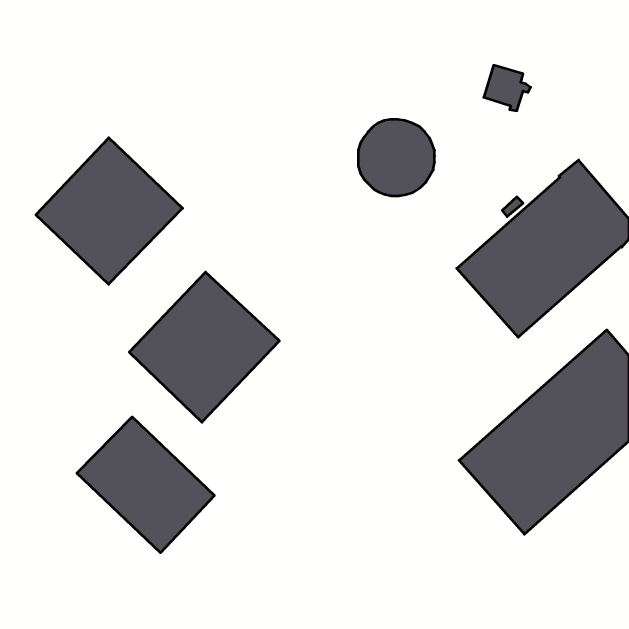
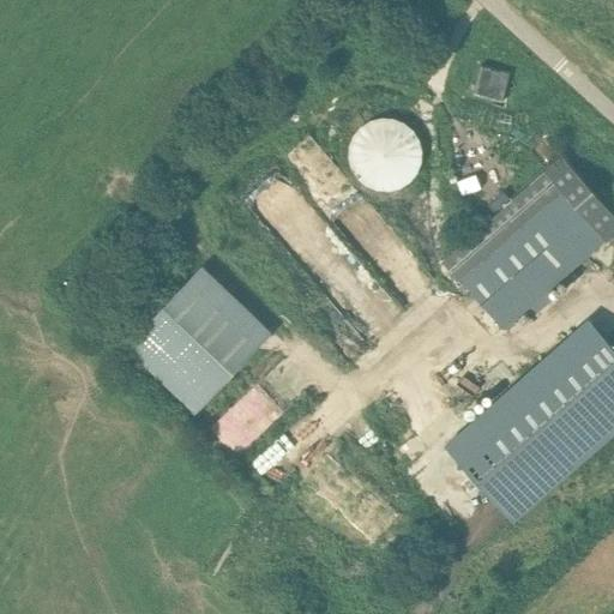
building: [36,138,183,284] -> none
building: [77,417,214,553] -> none

